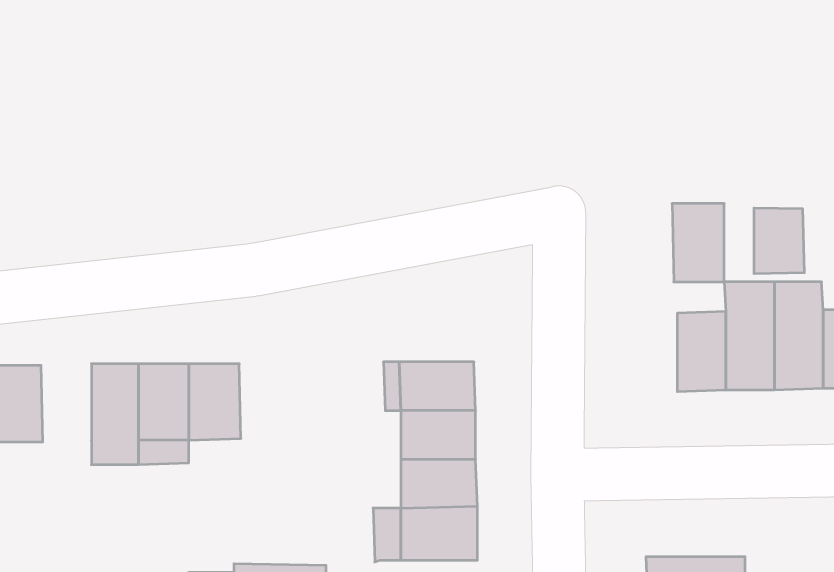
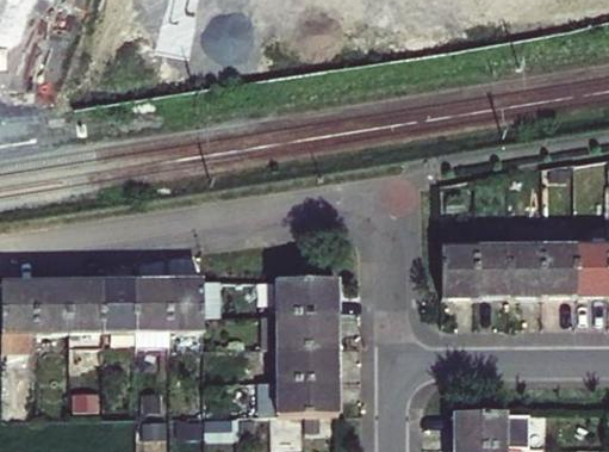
building: [672,204,724,282] -> [440,246,476,299]
building: [754,208,804,274] -> none
building: none -> [39,280,74,334]
building: none -> [175,280,210,332]

